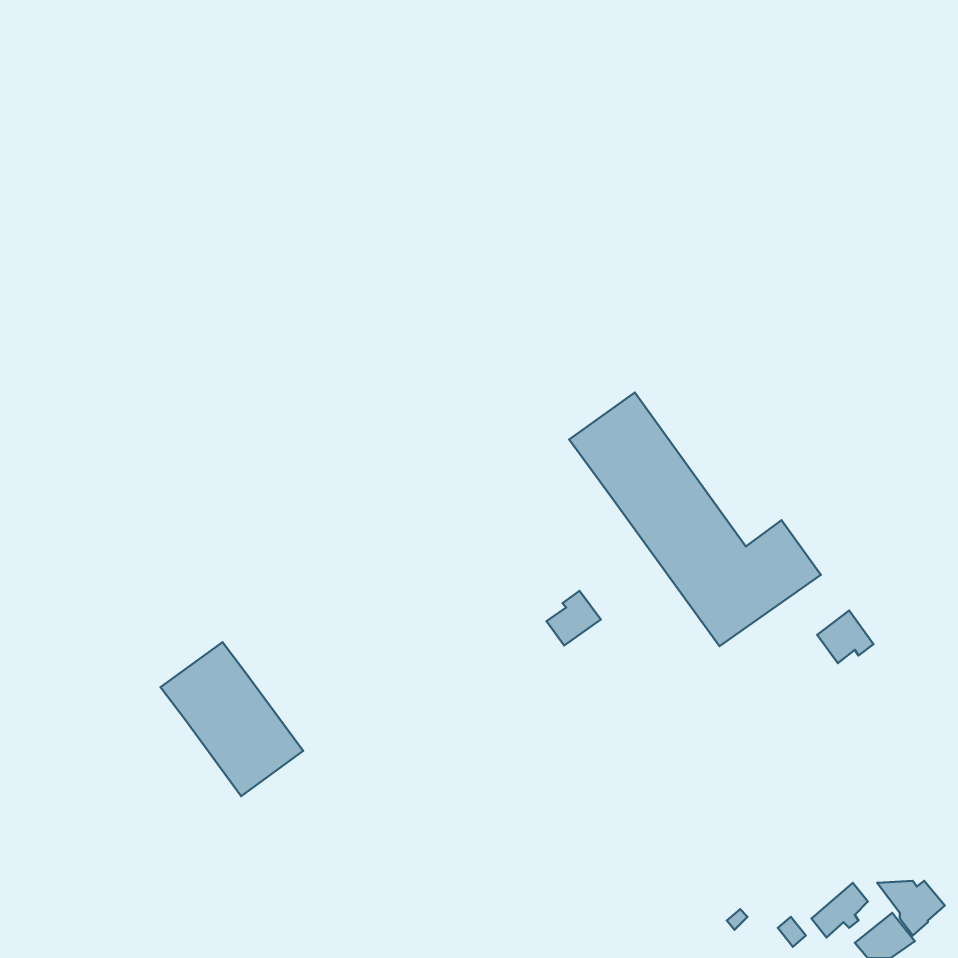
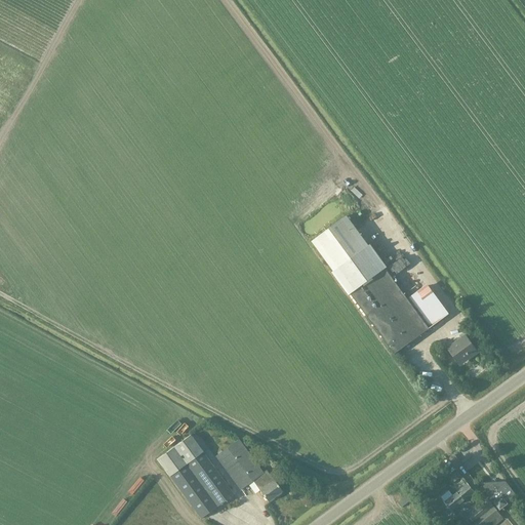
building: [547,591,601,645] -> none
building: [161,642,303,796] -> [156,434,234,518]
building: none -> [214,434,281,501]

